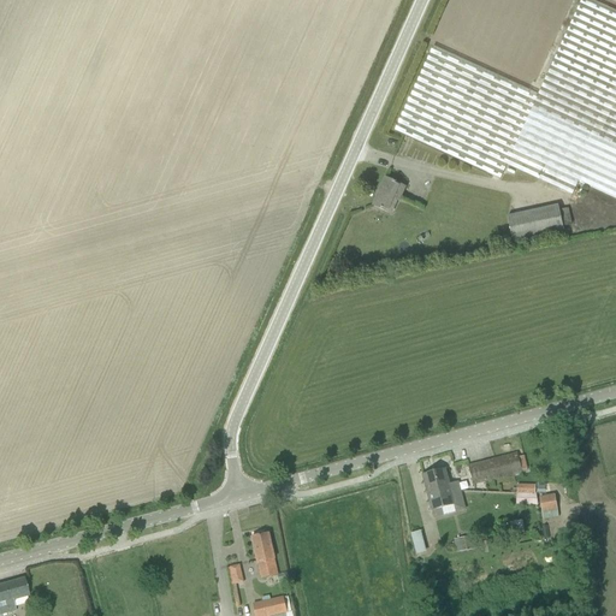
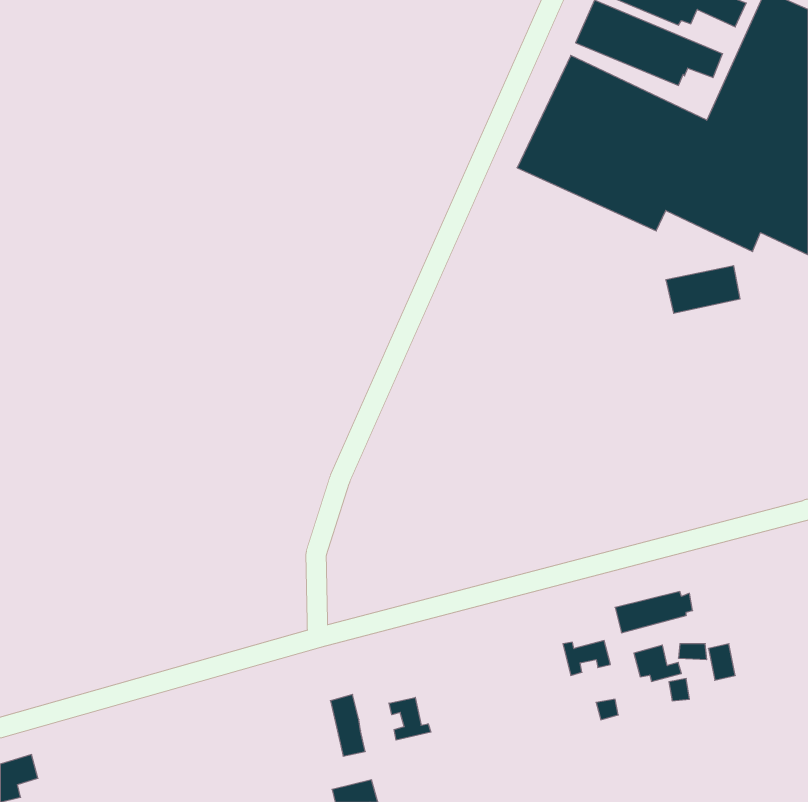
building: [373,174,403,211] -> none
building: [424,466,460,493] -> [634,645,681,681]
building: none -> [389,697,431,740]

